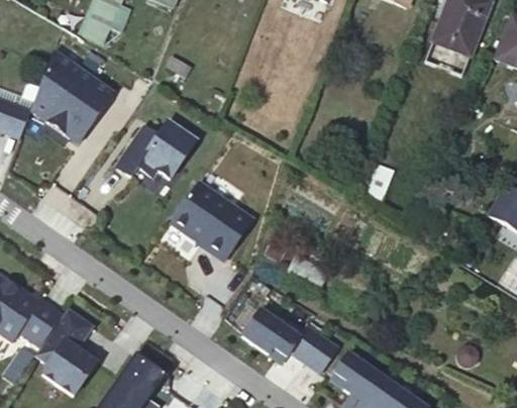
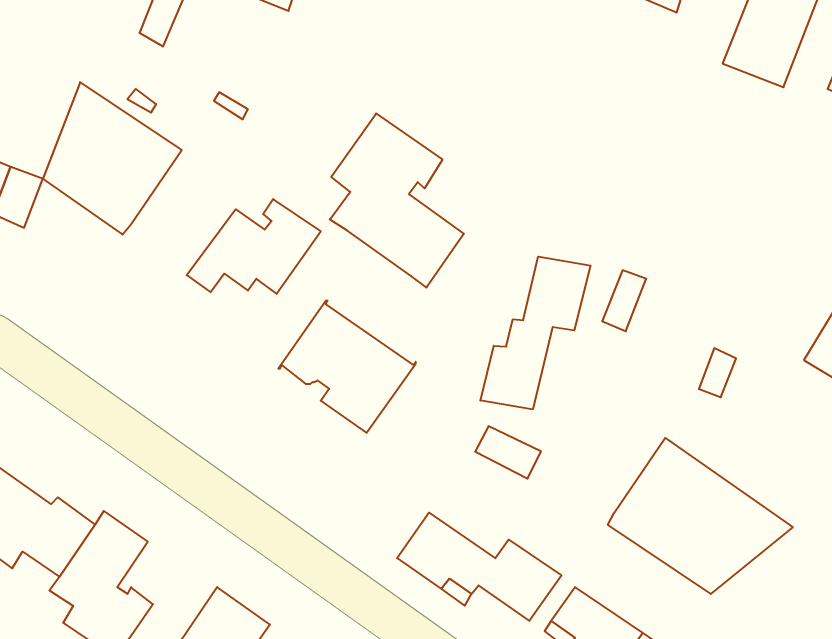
building: none -> [330,113,464,288]
building: none -> [480,257,591,409]
building: none -> [608,438,793,594]

